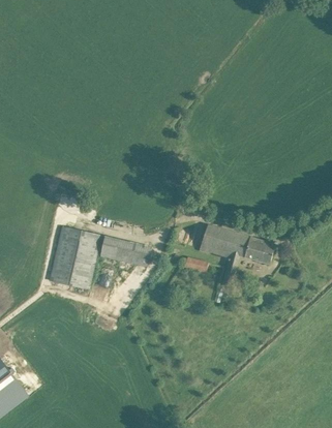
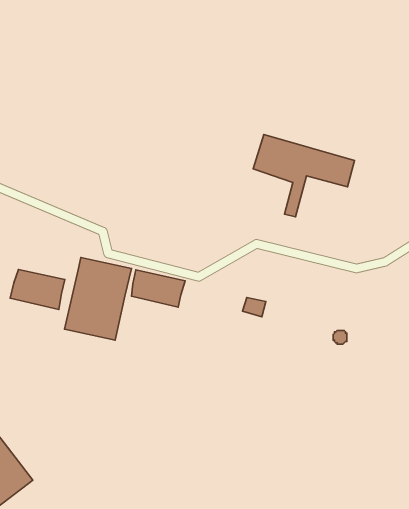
building: [200,224,276,286] -> [253,134,354,217]
building: none -> [10,270,65,309]

